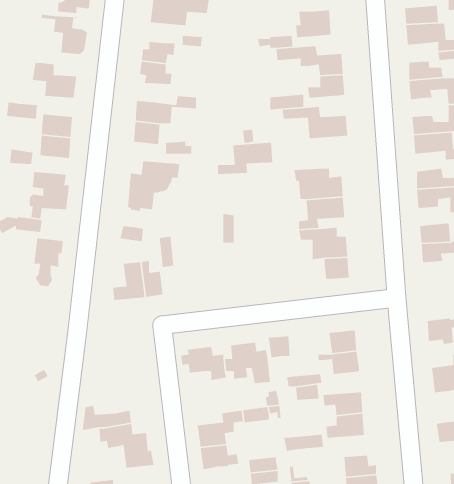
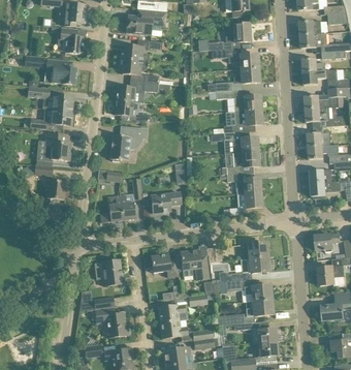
building: [217,142,273,175] -> [224,110,262,132]
building: none -> [151,192,181,212]
building: none -> [94,259,122,285]

